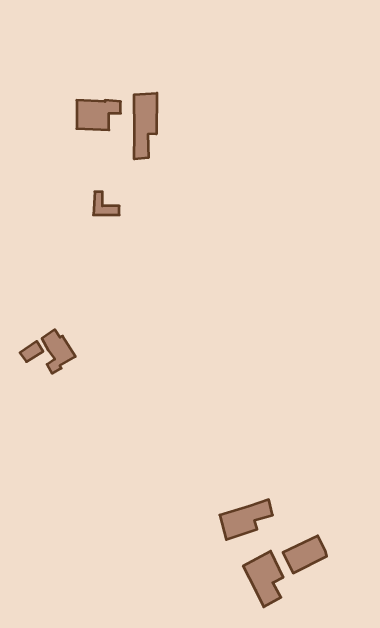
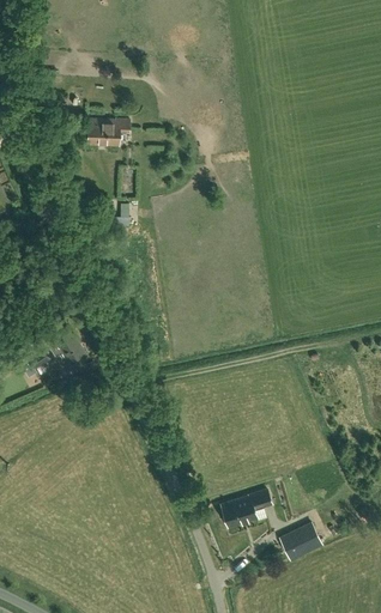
building: [134,93,157,159] -> none
building: [243,551,283,607] -> none

